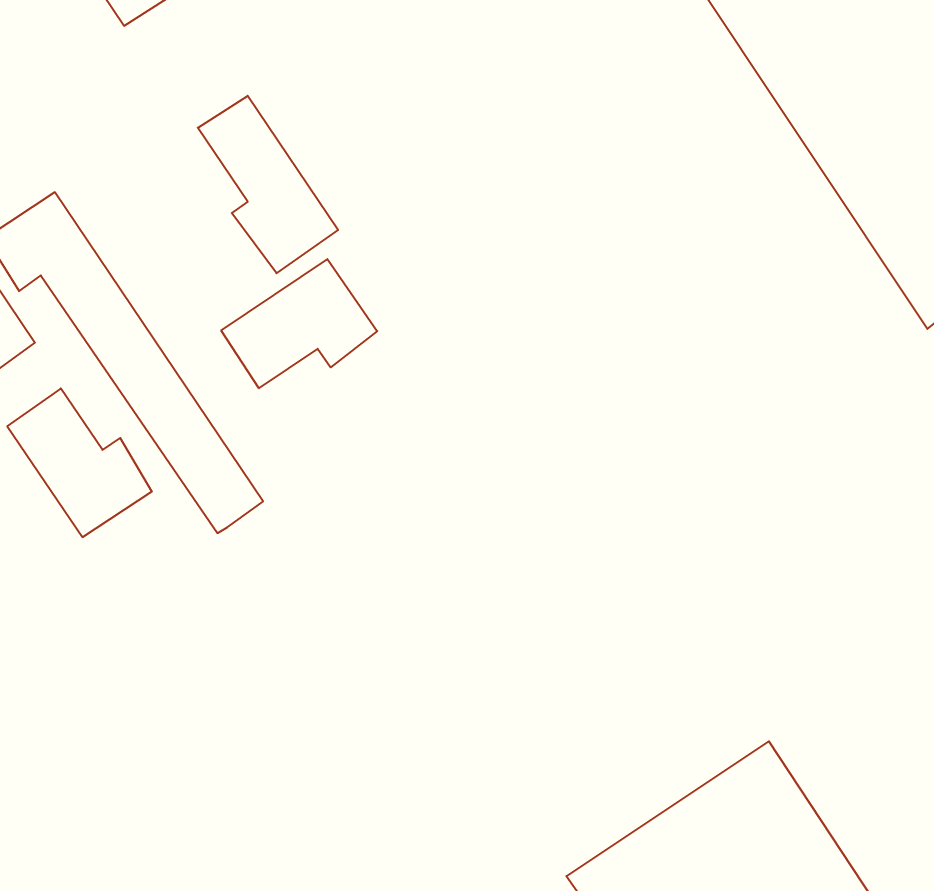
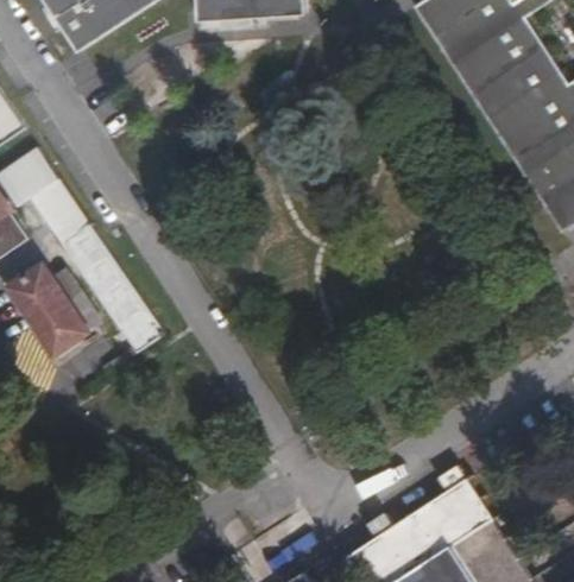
building: [198,96,338,273] -> none
building: [221,259,377,388] -> none

